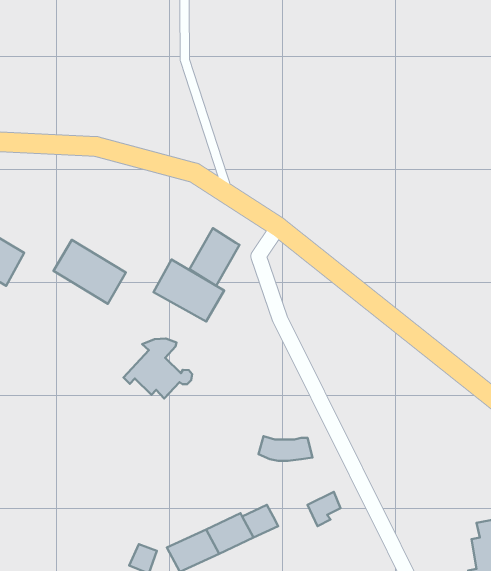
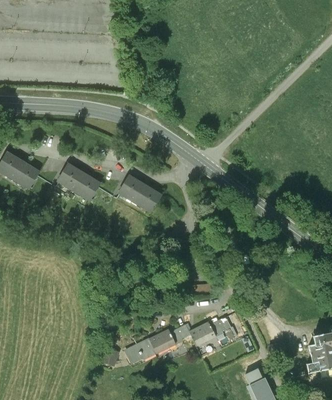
building: [190,228,239,286] -> none
building: [123,338,192,398] -> none
building: none -> [190,322,217,346]

